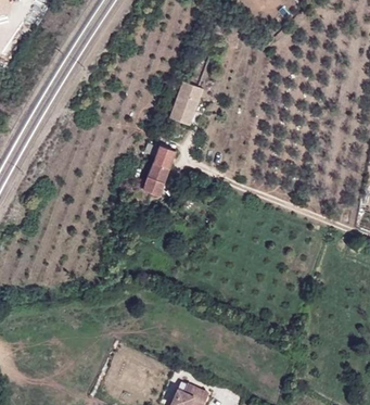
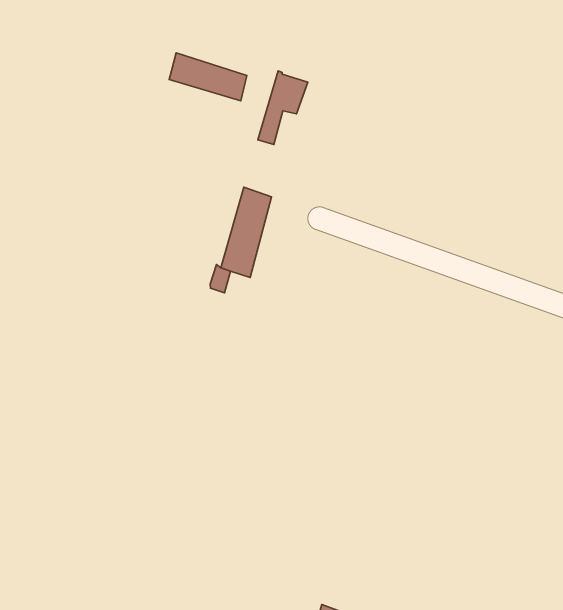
building: none -> [169,53,247,101]

